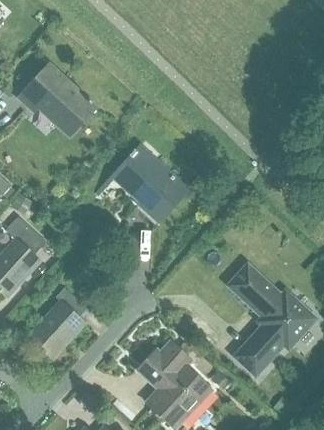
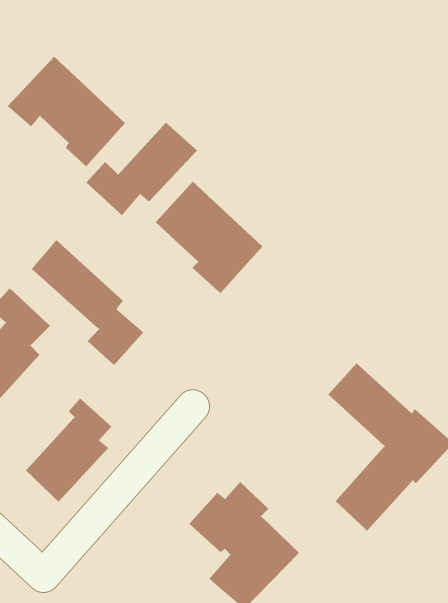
building: none -> [86,122,198,216]
building: none -> [31,239,144,366]

